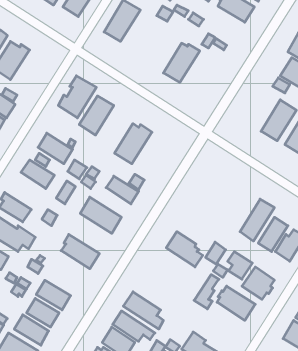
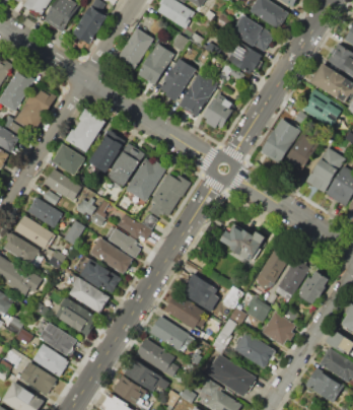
building: none -> [138,44,173,84]
building: none -> [228,45,261,73]
building: none -> [159,58,195,101]
building: none -> [20,90,55,131]
building: none -> [202,94,236,129]
building: none -> [259,119,300,164]
building: none -> [51,144,85,177]
building: none -> [107,144,144,189]
building: none -> [149,174,191,217]
building: none -> [14,215,55,250]
building: none -> [219,224,265,260]
building: none -> [108,229,141,258]
building: none -> [79,258,121,294]
building: none -> [164,291,208,330]
building: none -> [56,298,98,336]
building: none -> [150,317,189,351]
building: none -> [207,354,255,397]

